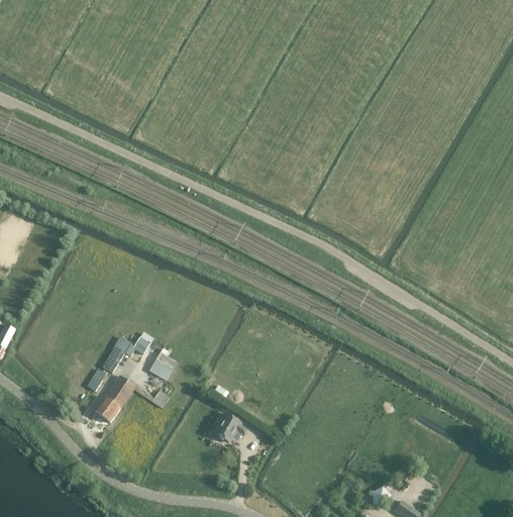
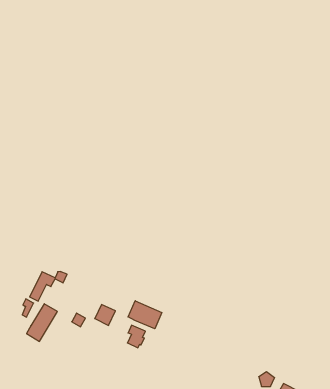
building: [151,354,178,381] -> [95,305,115,325]
building: none -> [128,301,162,329]

